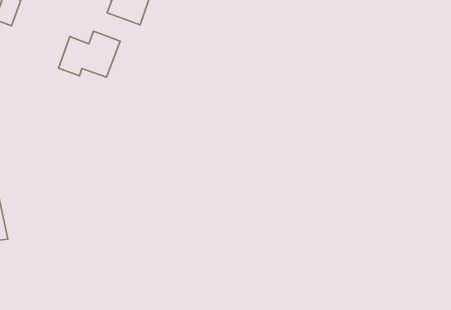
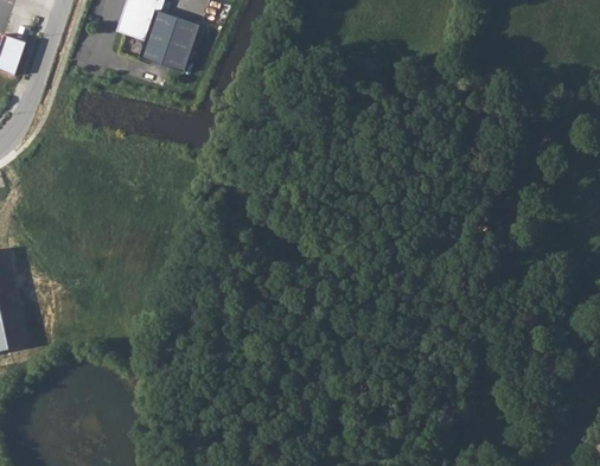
building: [59,31,120,77] -> none

